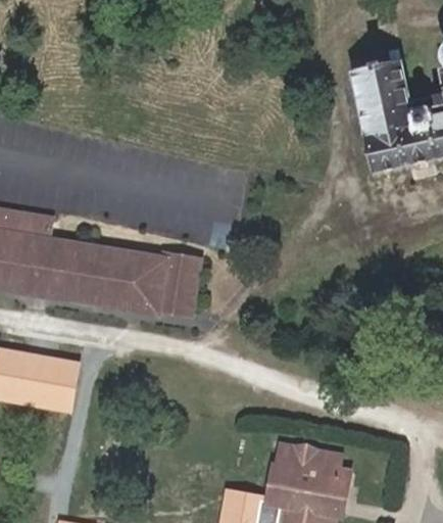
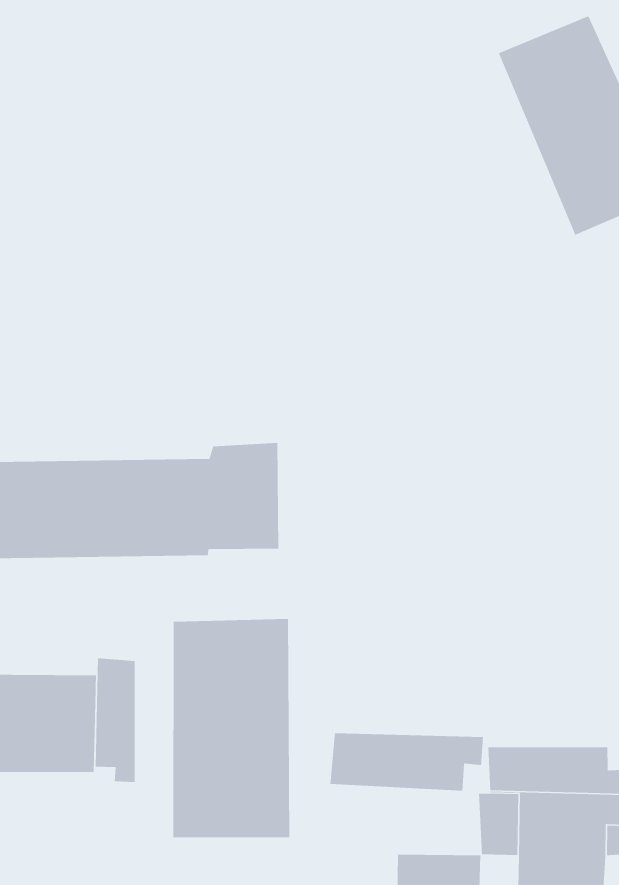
building: none -> [172,618,290,838]
building: none -> [95,658,136,783]
building: none -> [329,732,484,791]

